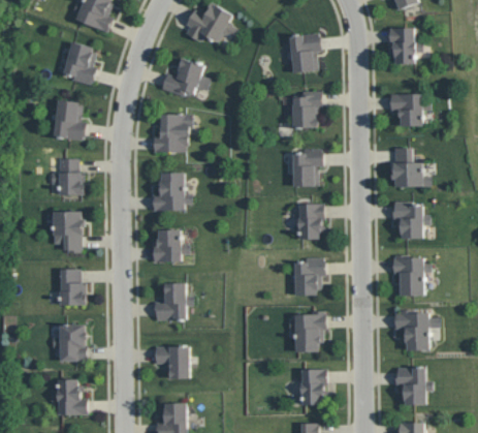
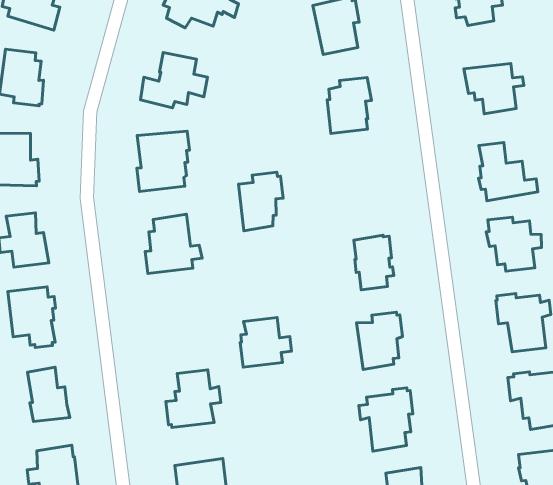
building: [292,149,322,187] -> [238,172,283,231]
building: [153,230,188,262] -> [240,317,291,367]

